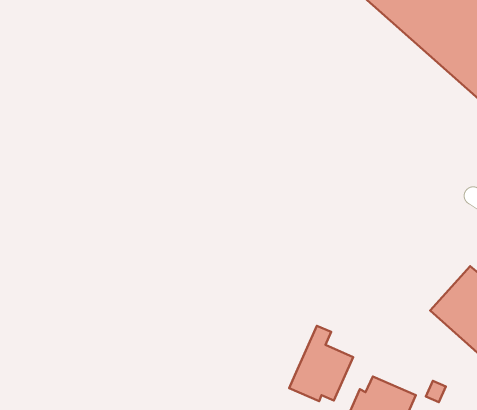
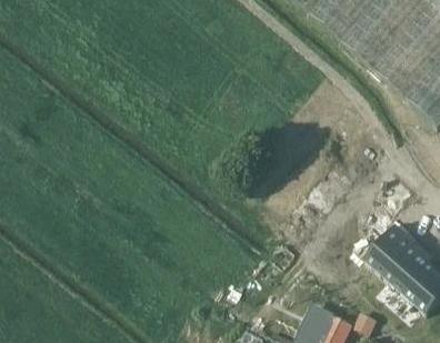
building: [289,326,353,401] -> none

